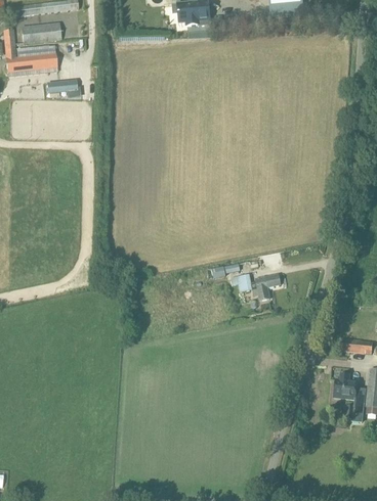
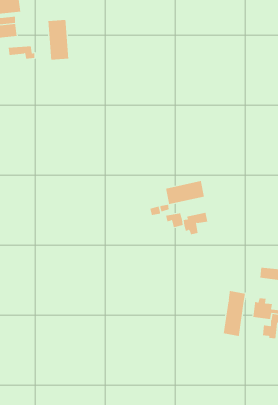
building: none -> [48,19,69,60]
building: none -> [165,180,205,205]
building: none -> [223,290,246,337]

